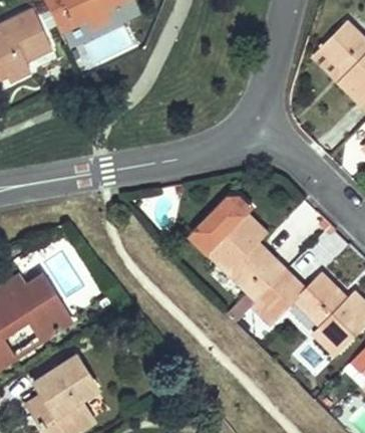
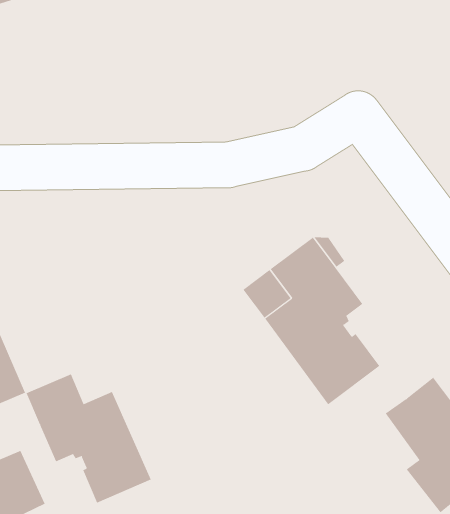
building: [255,269,309,322] -> none
building: none -> [26,373,151,503]

